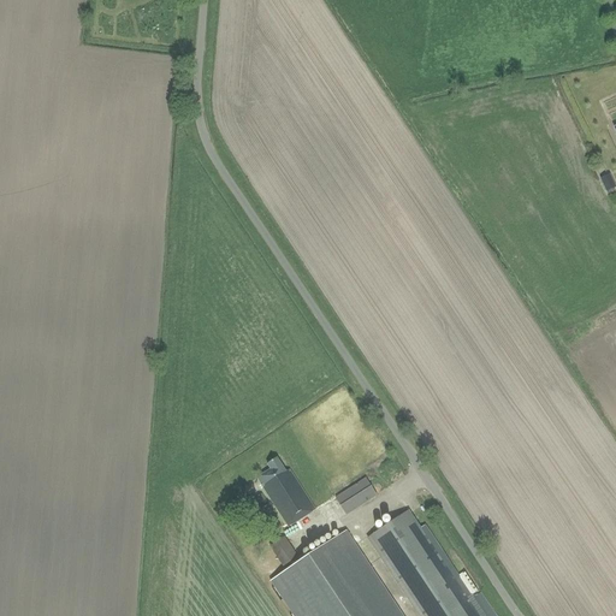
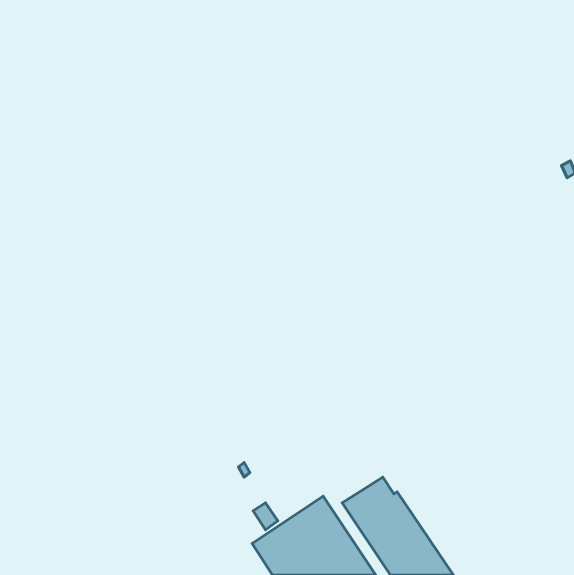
building: [259,460,315,527] -> none
building: [337,479,377,515] -> none

